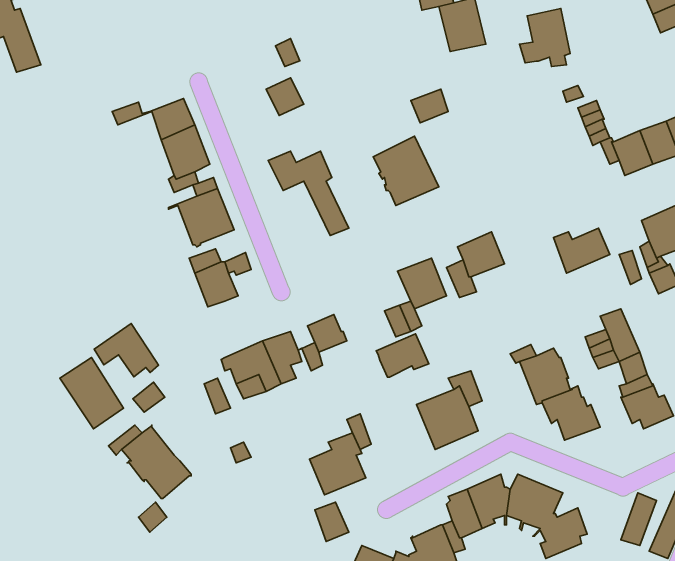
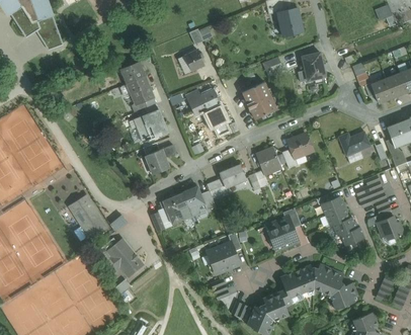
building: [520,8,570,67] -> [298,53,325,84]
building: [94,324,159,377] -> none
building: [376,334,429,377] -> [219,164,247,187]

